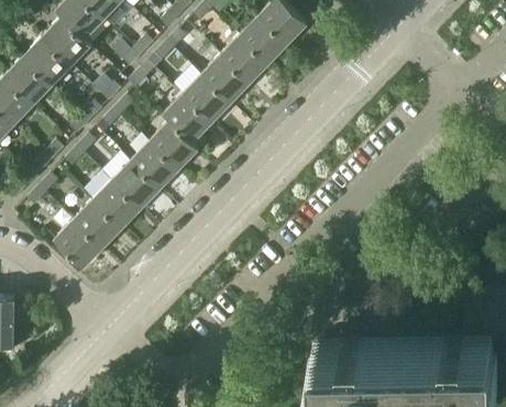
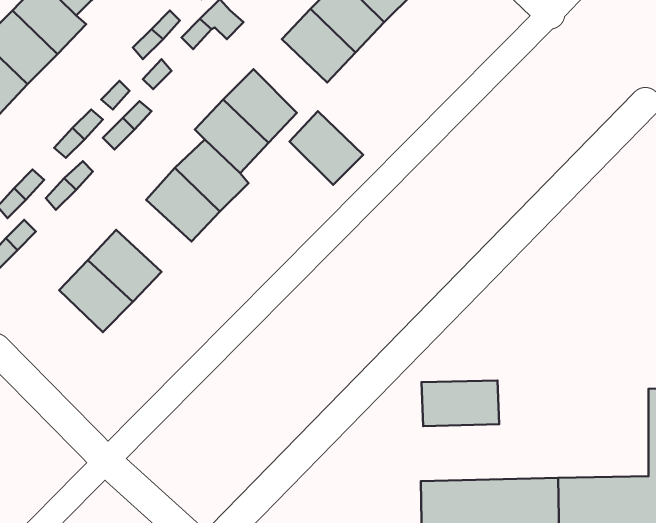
building: [199,57,248,106] -> [289,111,363,185]
building: [109,163,158,210] -> none
building: [52,222,100,270] -> none
building: none -> [421,380,499,426]

